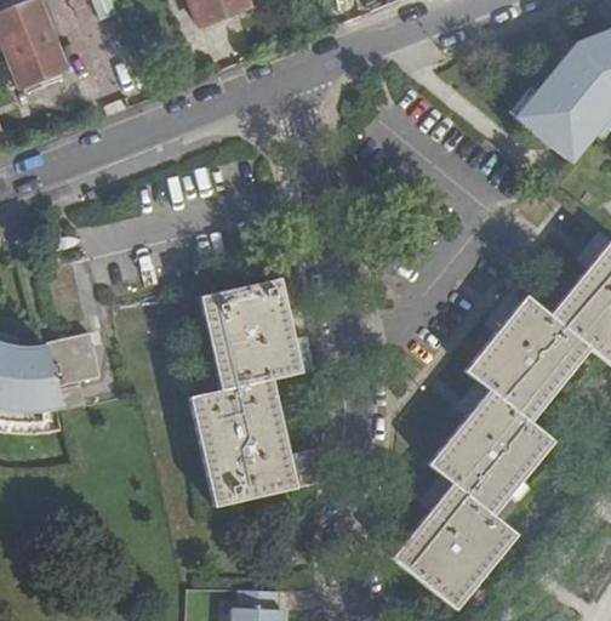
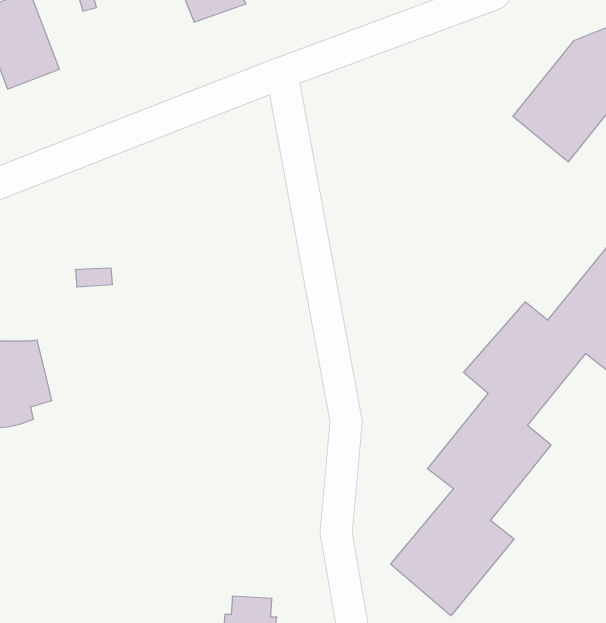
building: [192,279,320,506] -> none
building: [48,324,103,378] -> none

